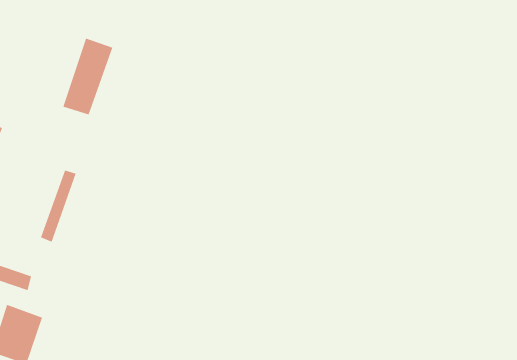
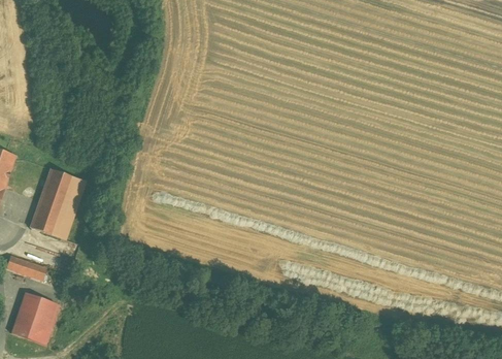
building: [63,38,113,115] -> [31,169,74,235]

